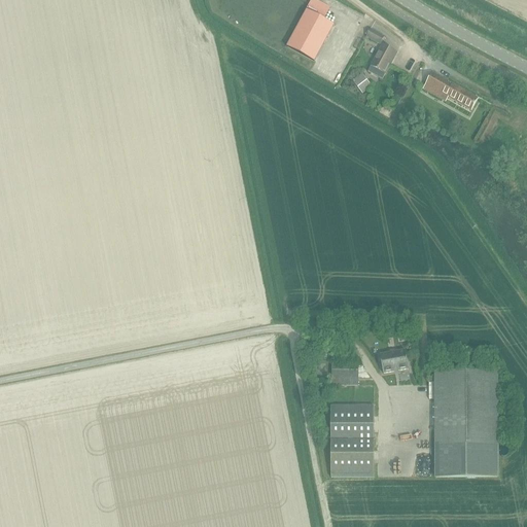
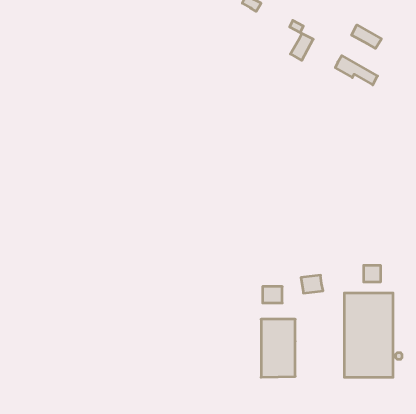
building: [286,7,332,59] -> none
building: none -> [352,25,381,48]
building: none -> [364,265,380,282]

